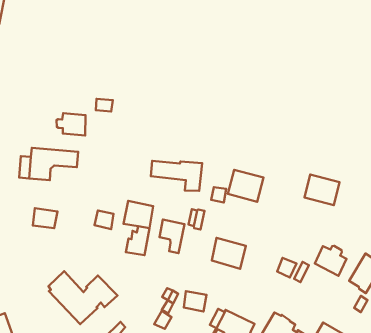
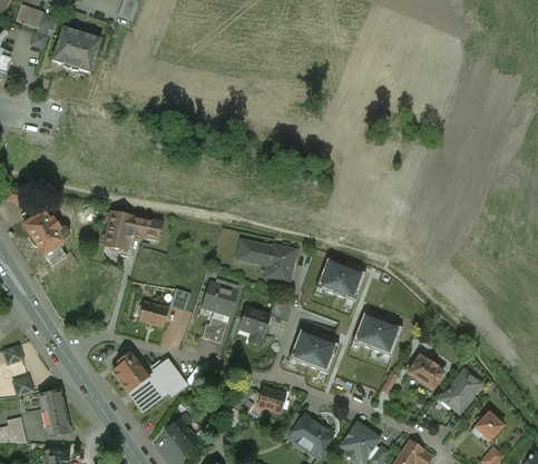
building: [57,113,86,136] -> none
building: [305,174,339,205] -> [358,316,398,353]
building: [33,208,58,228] -> [139,302,168,326]

